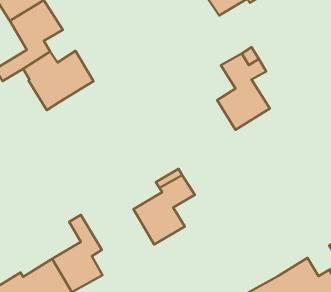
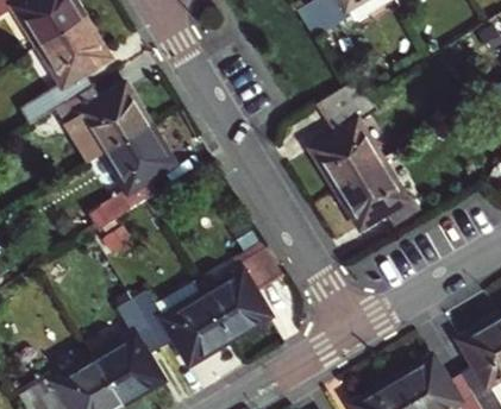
building: none -> [88,124,174,228]
building: none -> [337,159,421,227]
building: none -> [133,281,230,363]

